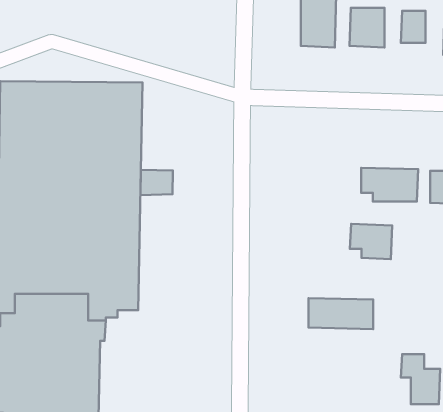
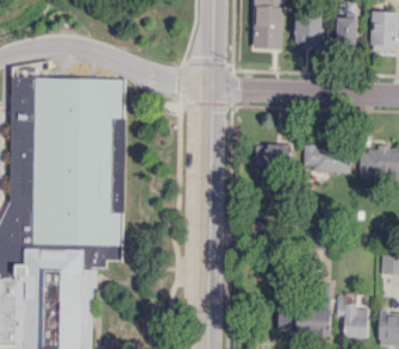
building: [140,170,173,195] -> none
building: [350,224,392,259] -> [255,145,289,174]
building: [308,298,373,329] -> [278,310,330,335]

